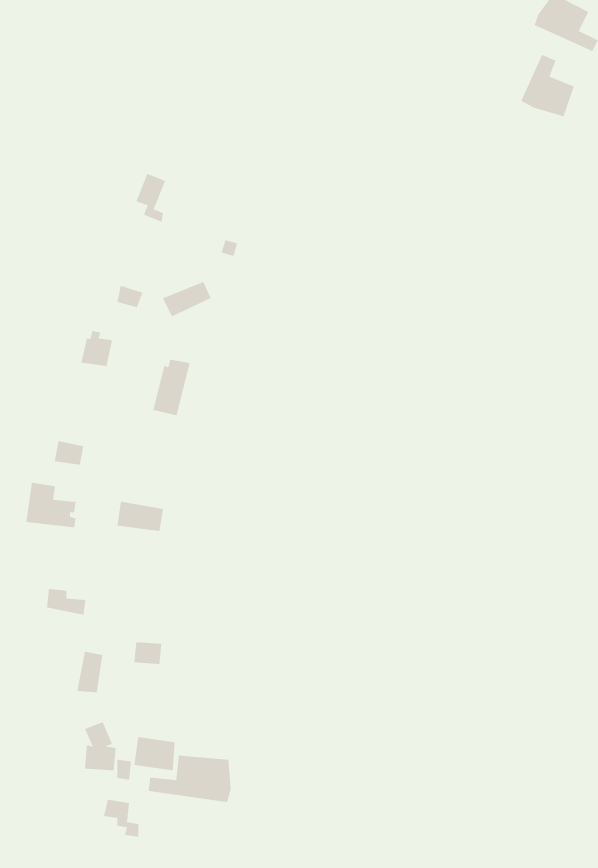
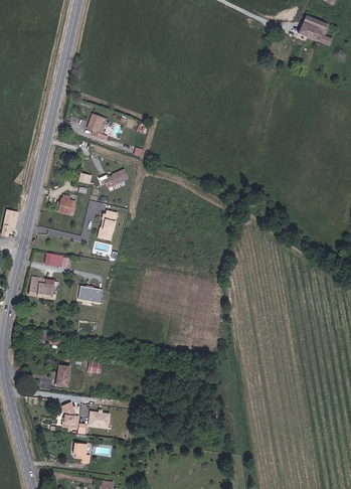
building: [520,54,574,117] -> none
building: [148,755,231,803] -> none

